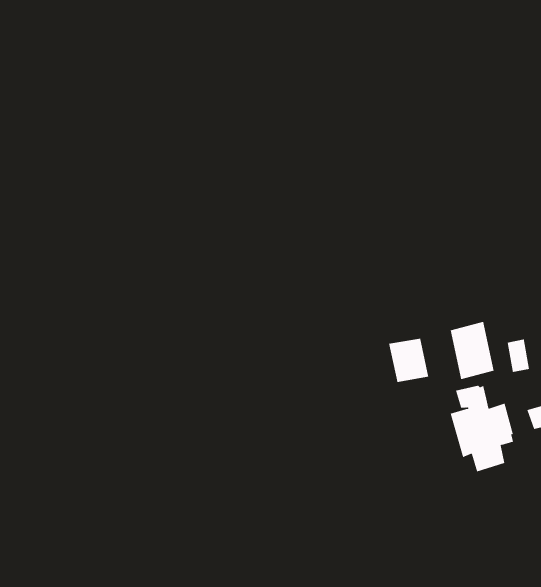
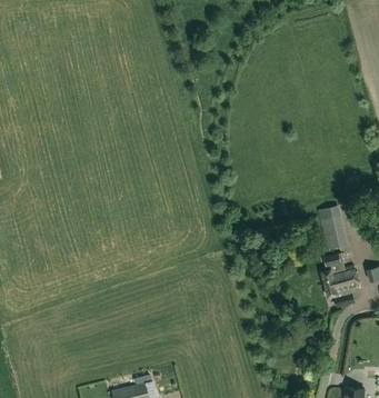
building: [389,338,429,383] -> none

